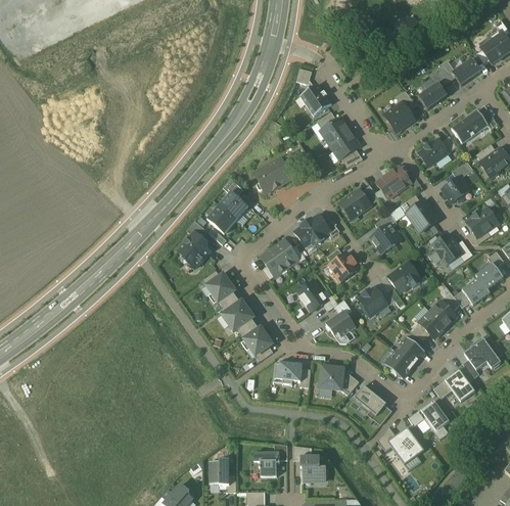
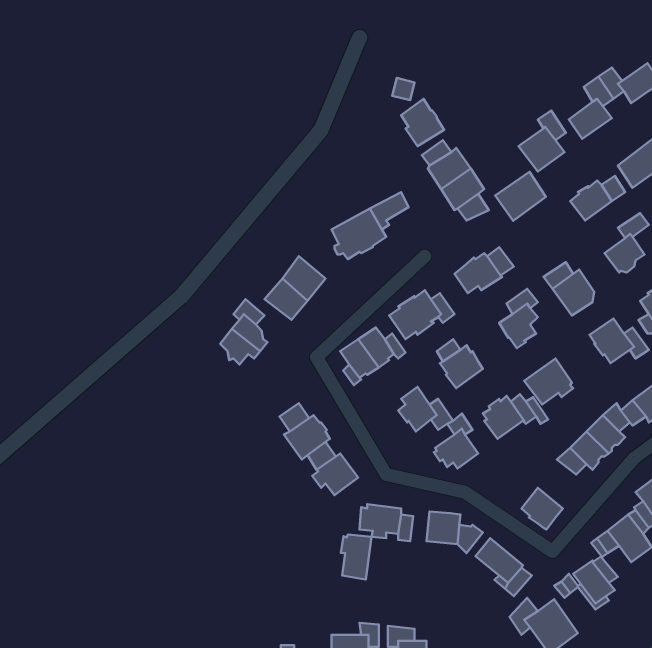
building: [375,166,410,199] -> [495,172,546,221]
building: [205,274,234,304] -> none
building: [396,337,424,365] -> none
building: none -> [341,534,371,579]

